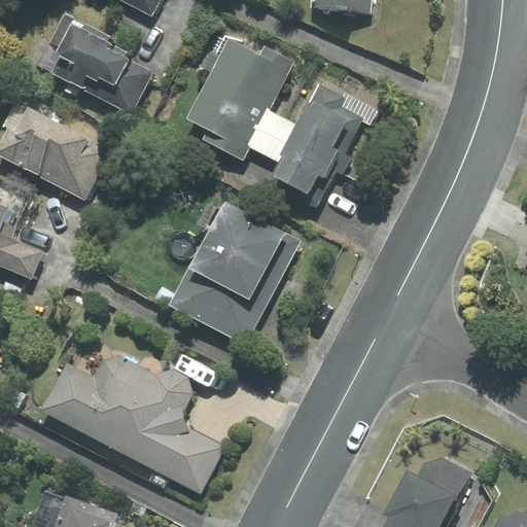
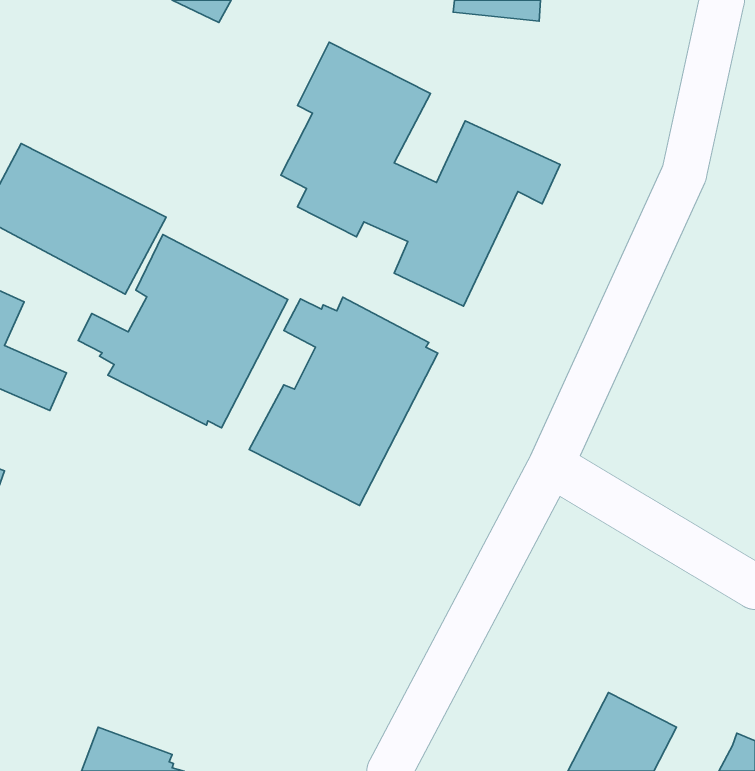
building: [46,14,148,114] -> none
building: none -> [78,235,288,428]
building: [41,351,221,495] -> none

